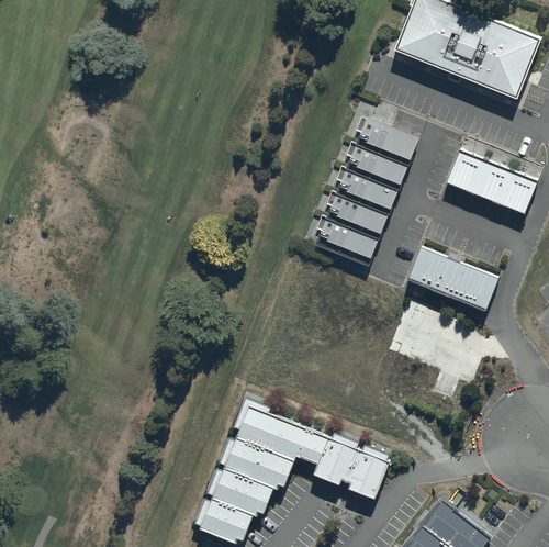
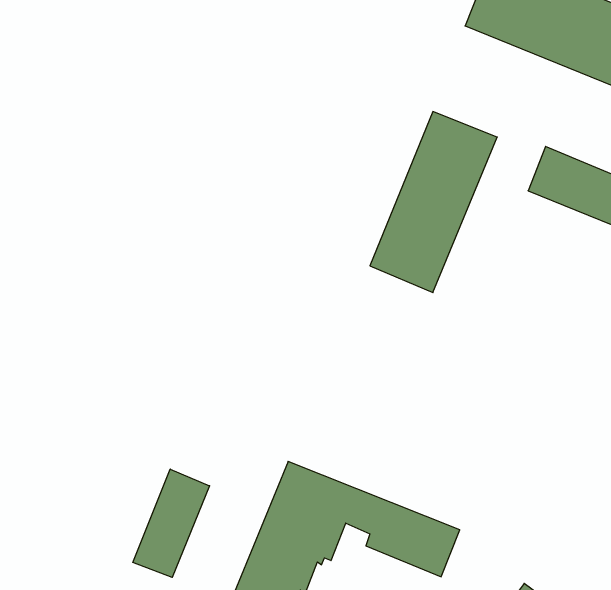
building: [405,246,497,310] -> none
building: none -> [133,469,210,577]

